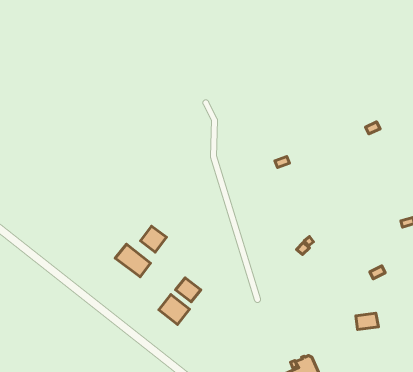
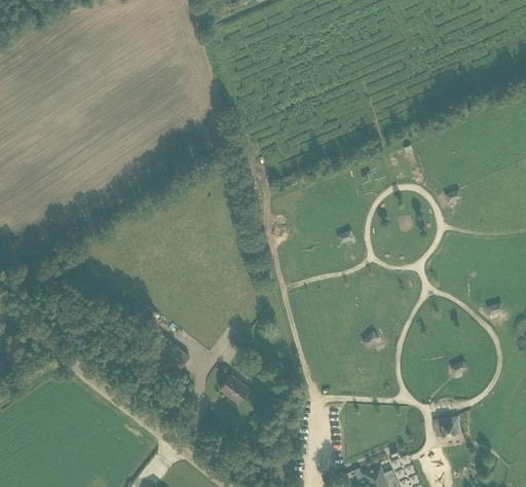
building: [140,226,166,252] -> none
building: [159,295,189,324] -> none

